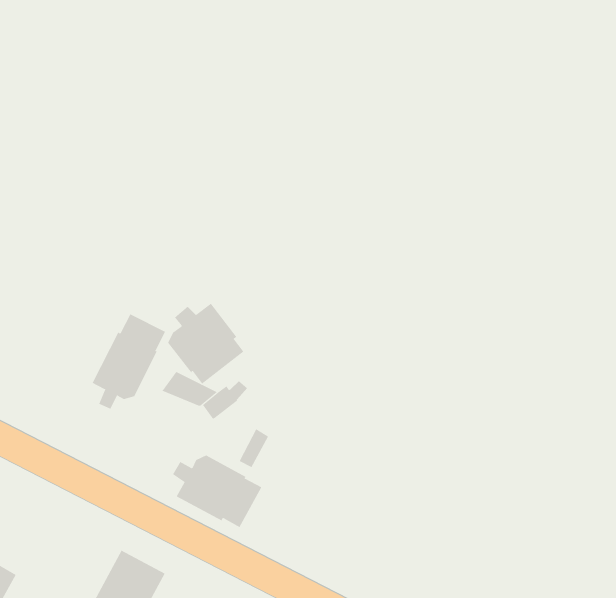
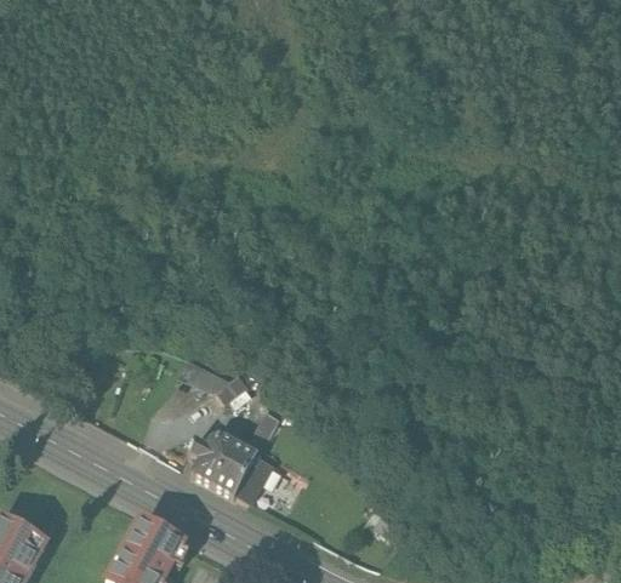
building: [168,303,244,384] -> none
building: [92,314,166,409] -> none

